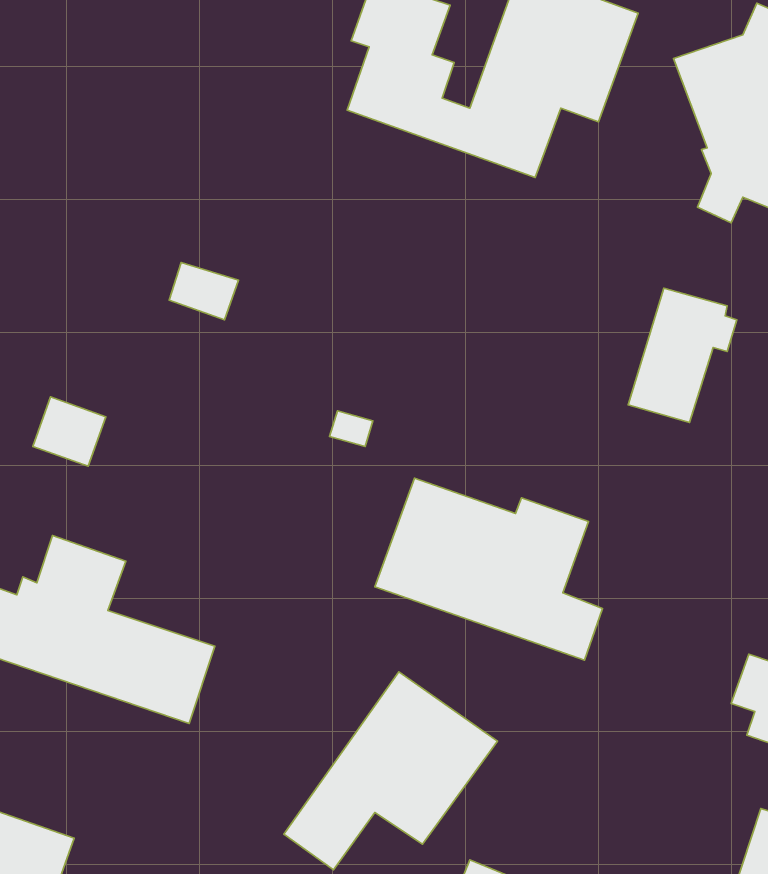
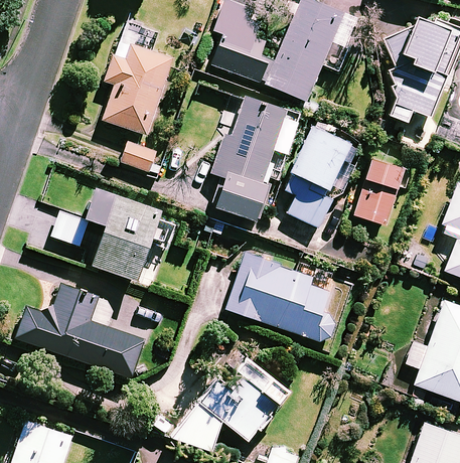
building: none -> [102,27,172,136]
building: none -> [211,97,300,219]
building: none -> [283,119,351,228]
building: none -> [87,187,175,279]

